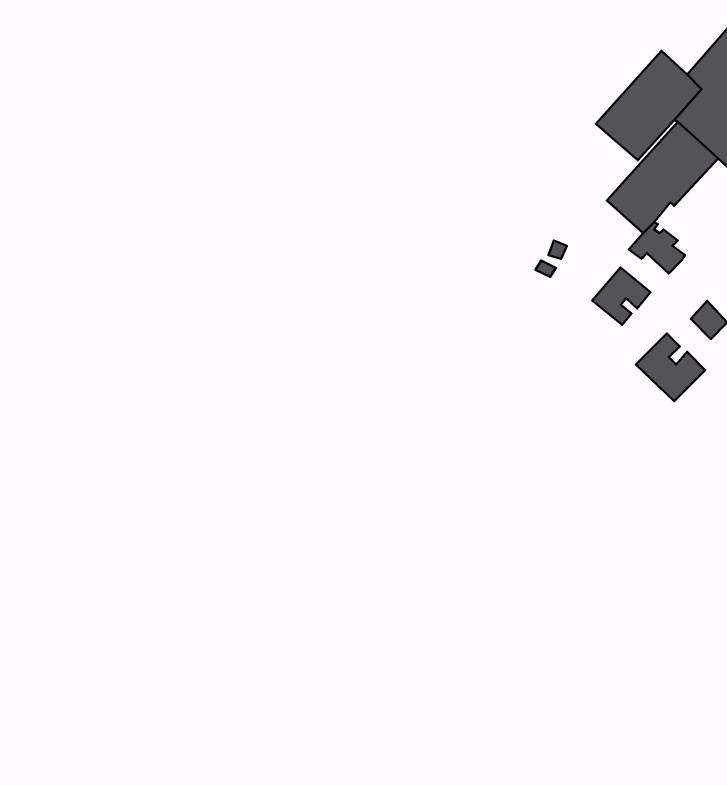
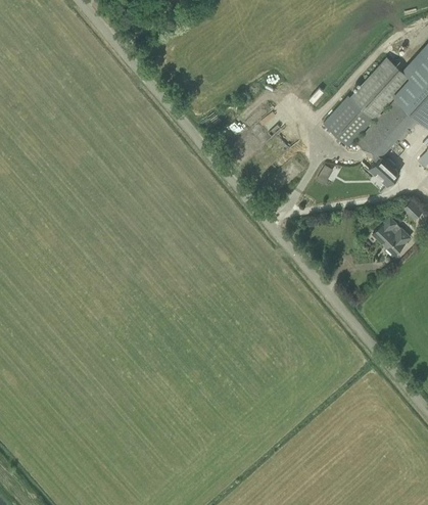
building: none -> [324,97,374,146]
building: [592,268,650,325] -> none

